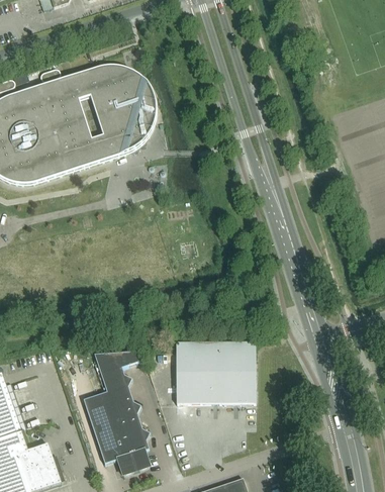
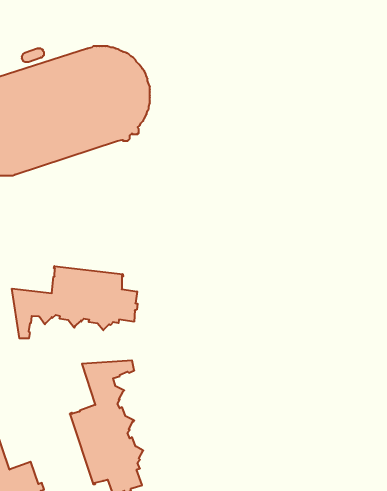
building: none -> [12,266,138,338]
building: [175,341,255,402] -> none

